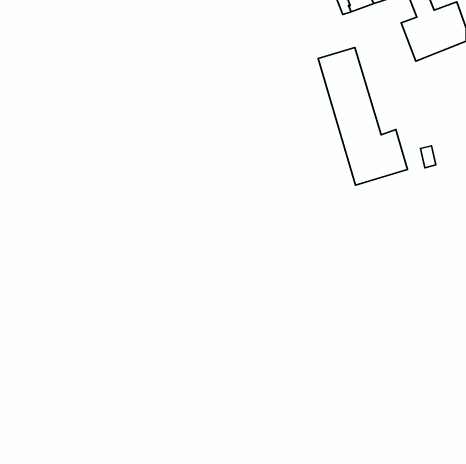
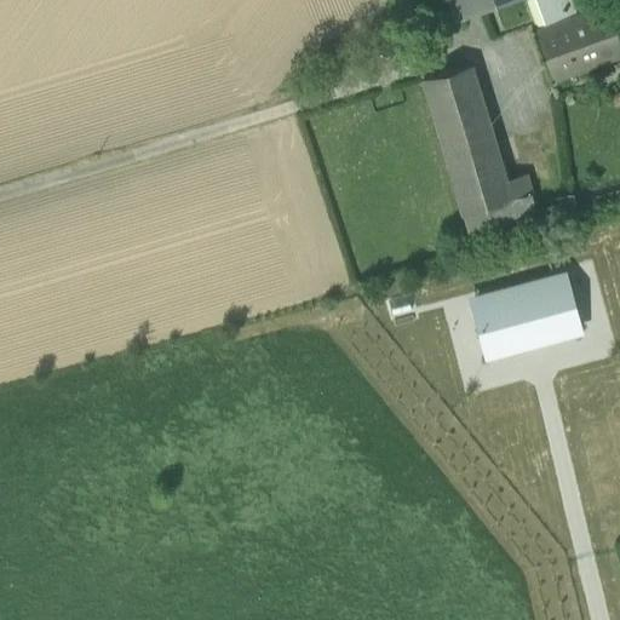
building: none -> [472,276,580,354]

